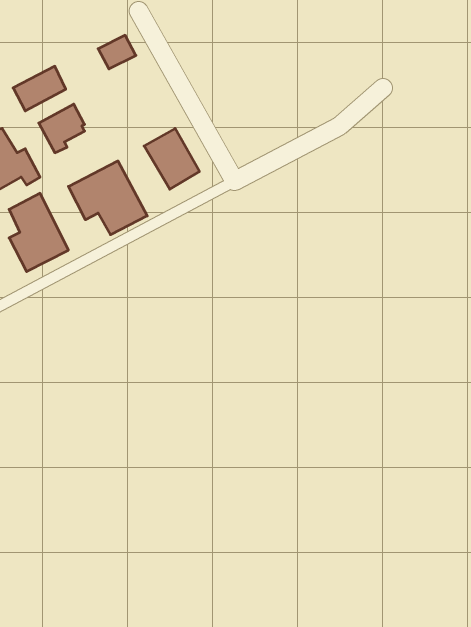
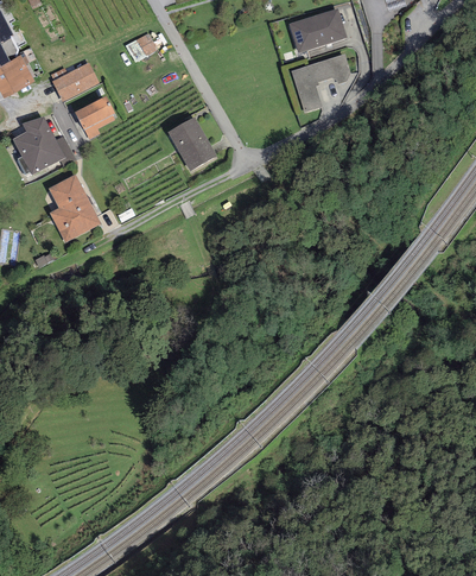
building: none -> [288,8,347,52]
building: none -> [291,53,351,112]
building: [68,161,147,235] -> none

